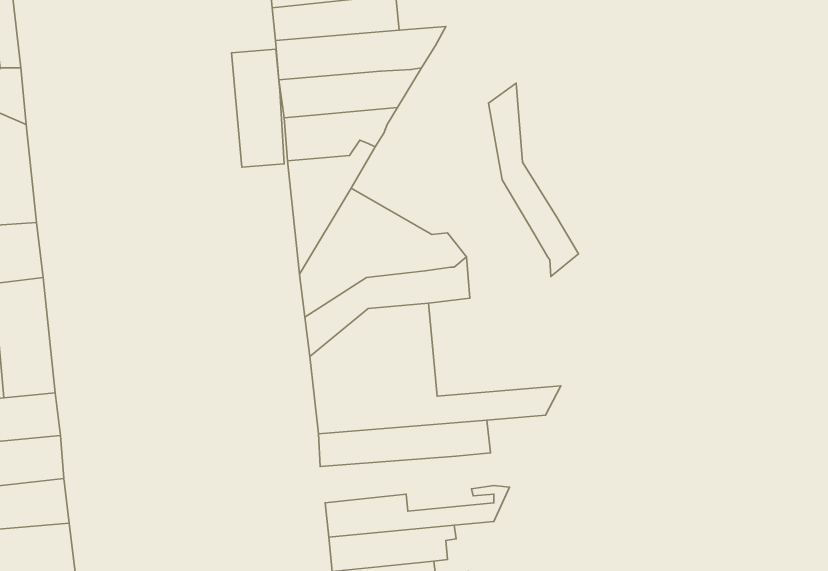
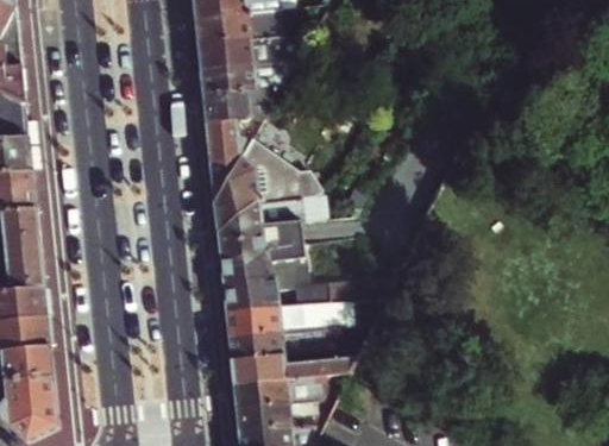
building: [231,49,284,167] -> none
building: [488,83,578,276] -> none
building: none -> [227,326,322,358]

